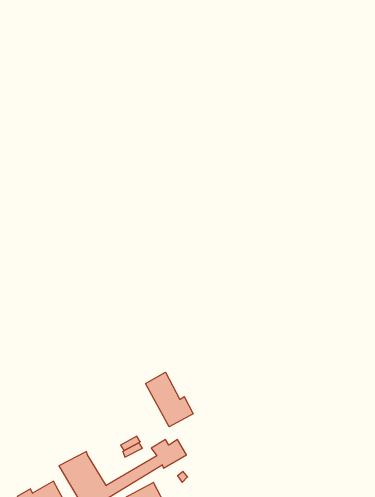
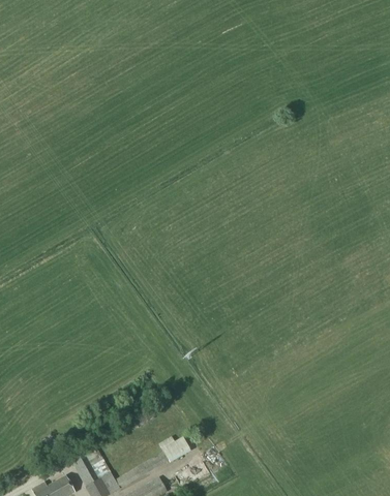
building: [146,372,193,427] -> none

